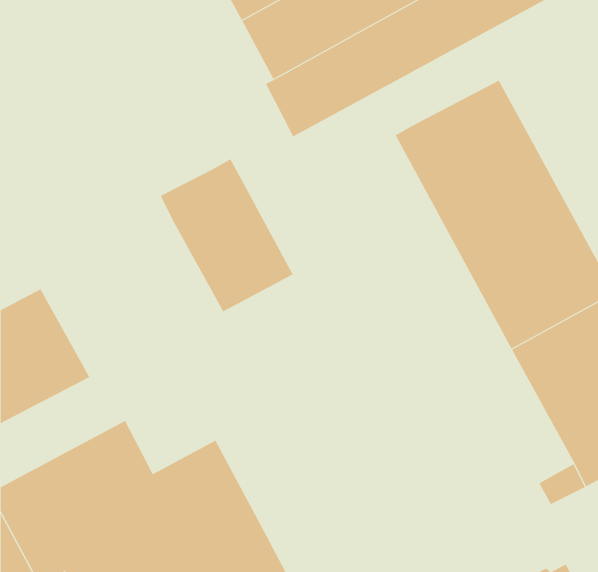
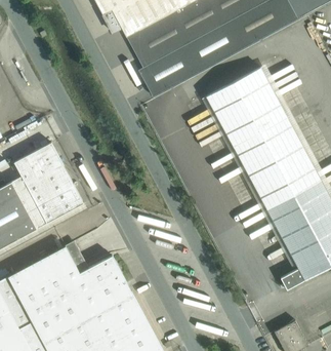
building: [160,159,294,312] -> [14,142,84,222]

